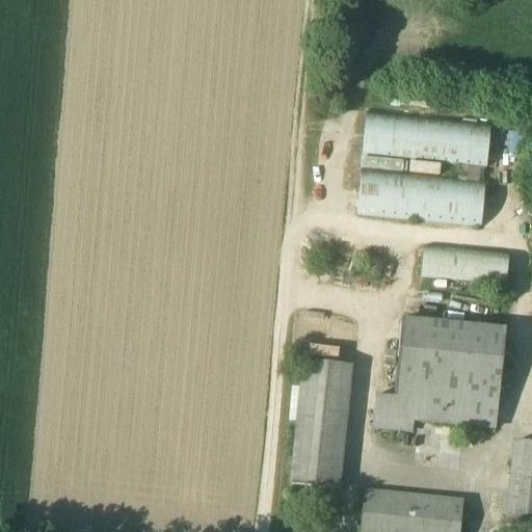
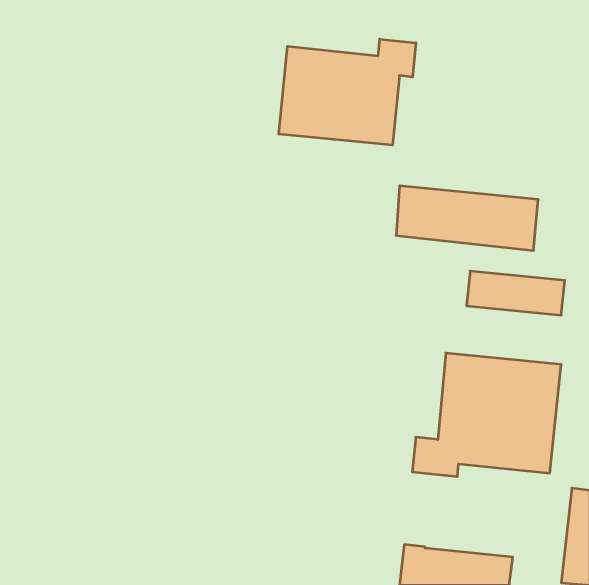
building: none -> [279,39,416,145]
building: [363,109,490,167] -> none
building: [291,360,352,488] -> none

